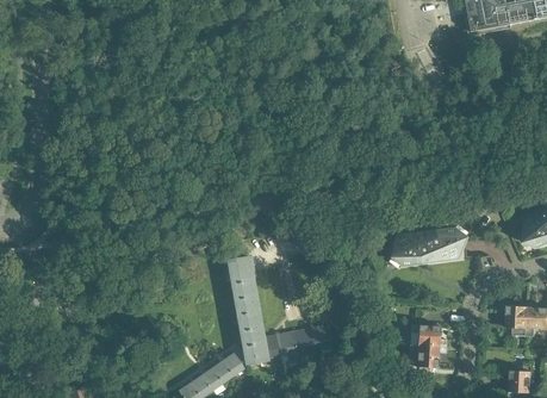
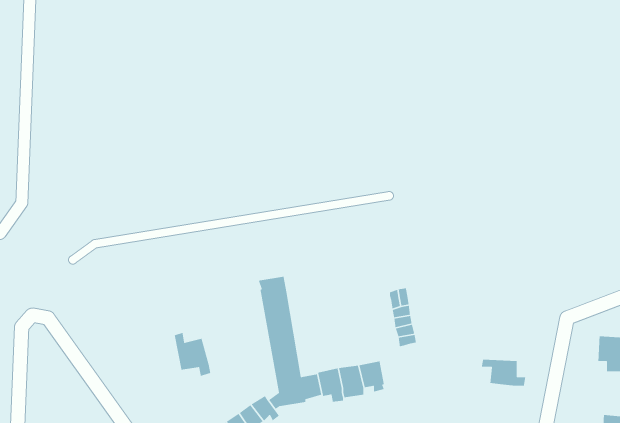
building: [389,228,464,265] -> none
building: none -> [174,332,211,377]
building: [408,344,437,367] -> none

